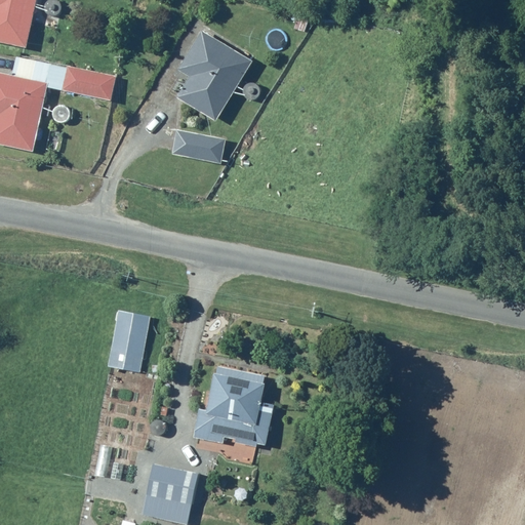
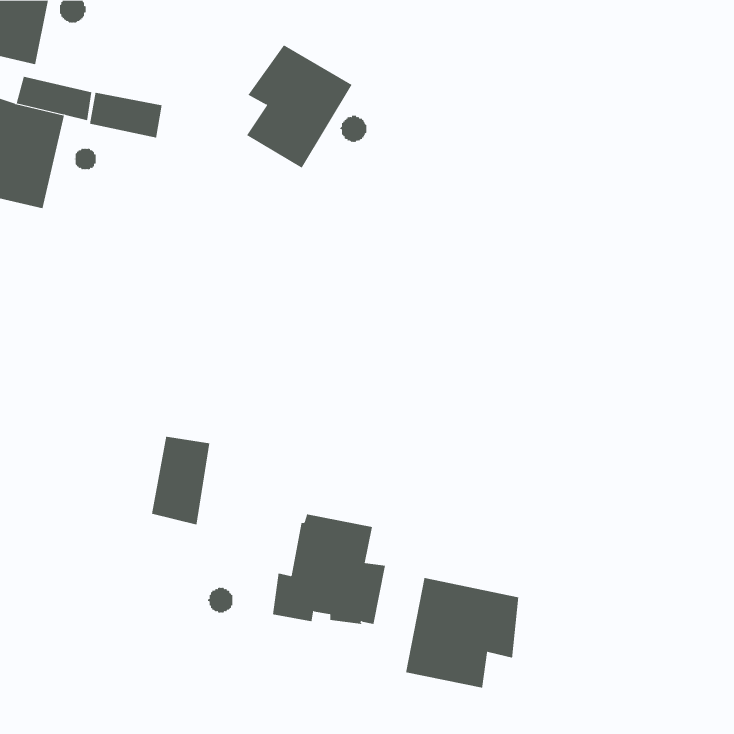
building: [172,130,225,163] -> none
building: none -> [405,577,519,688]
building: [135,460,200,520] -> none

